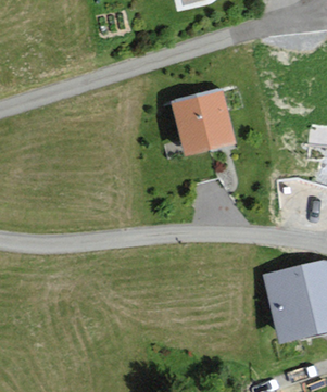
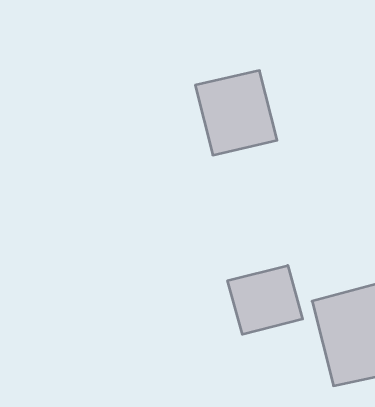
building: none -> [228,265,303,334]

